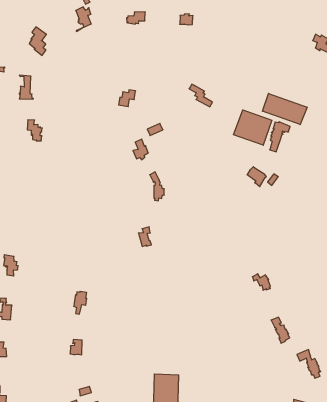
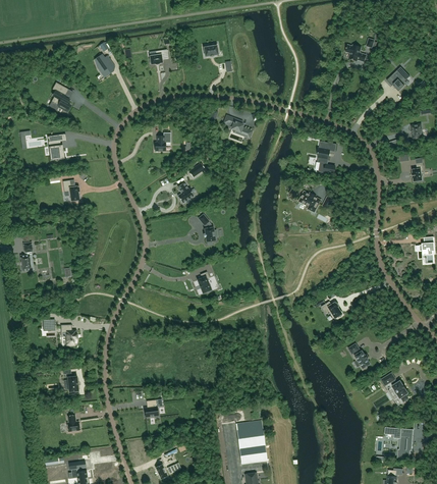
building: [262,93,307,125] -> none
building: [233,110,272,145] -> none

